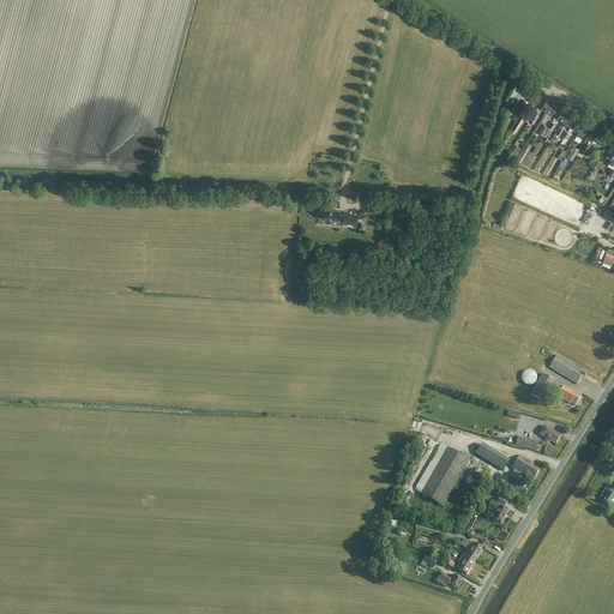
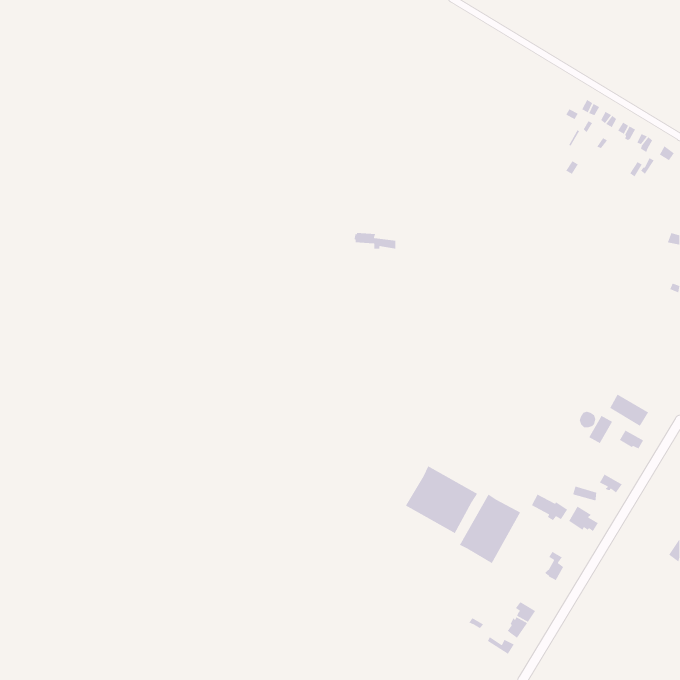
building: none -> [405,465,478,534]

